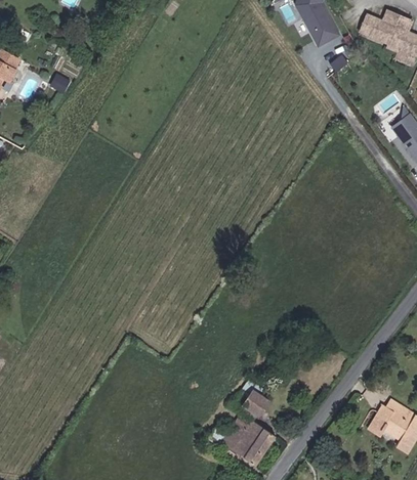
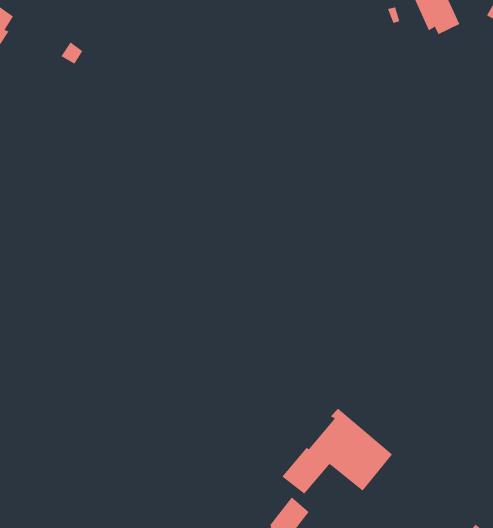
building: none -> [281,408,393,494]

